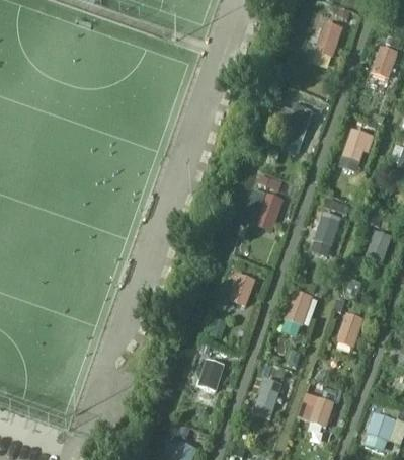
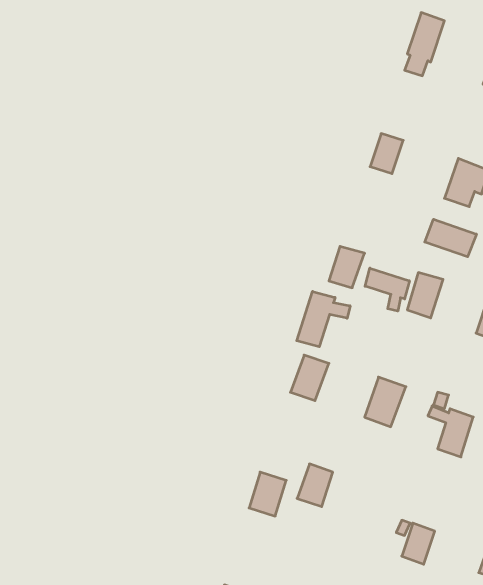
building: none -> [425,219,476,257]
building: none -> [365,268,409,311]
building: none -> [297,291,350,347]
building: [254,378,280,409] -> [297,464,333,507]

